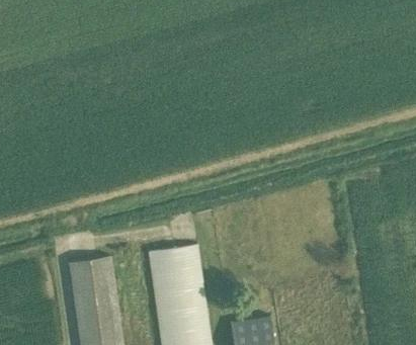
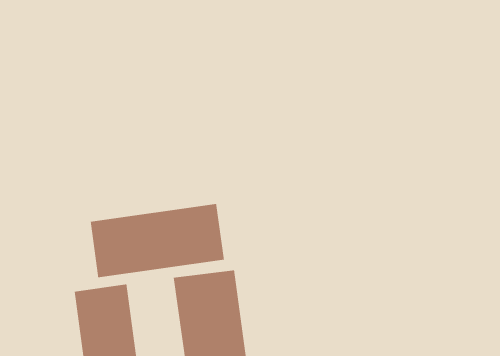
building: none -> [90,203,224,278]

